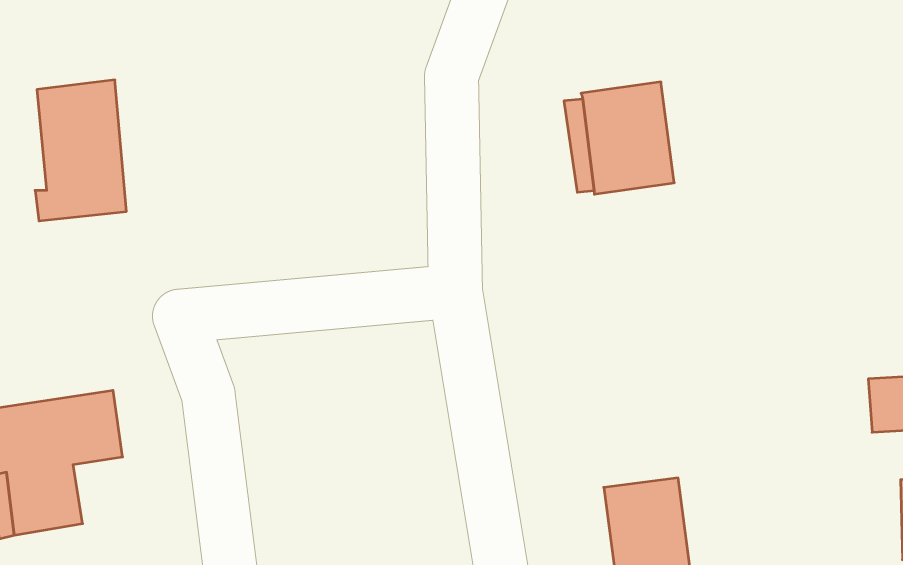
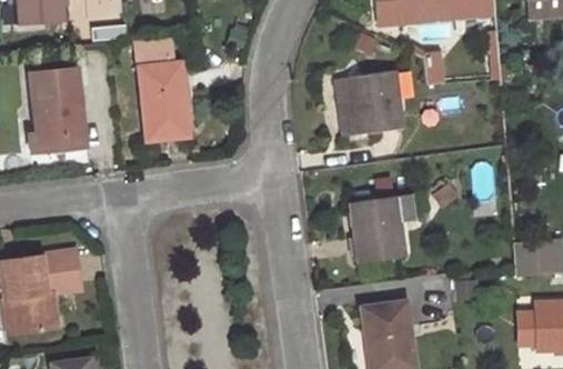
building: none -> [138,47,189,140]
building: none -> [350,196,403,262]

